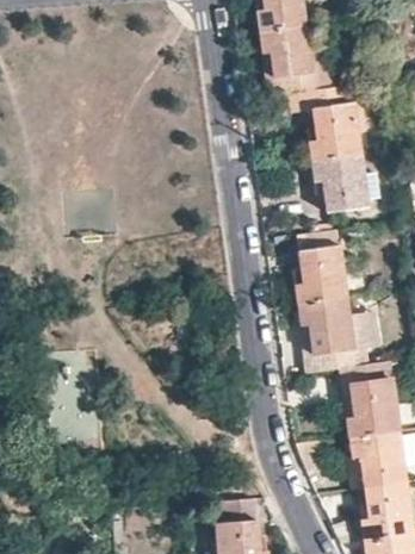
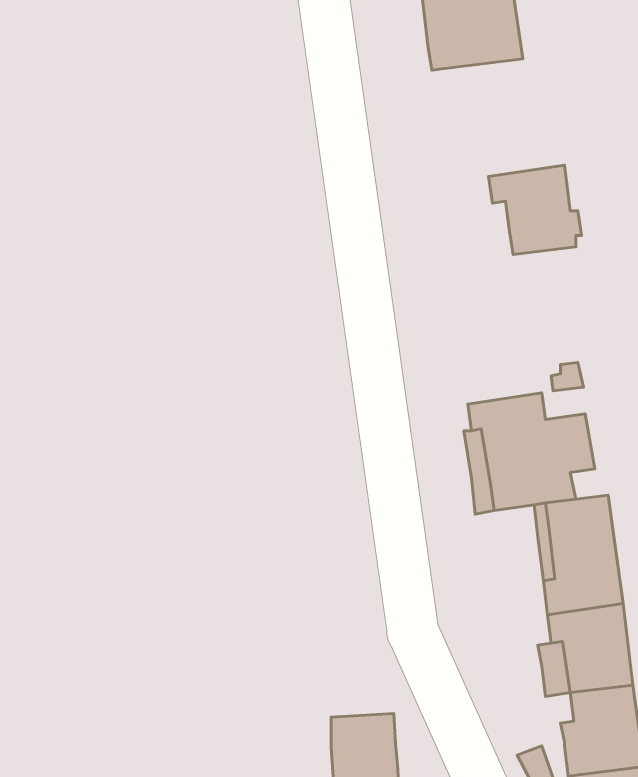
building: [287,85,368,163] -> none
building: [298,231,348,306] -> none

